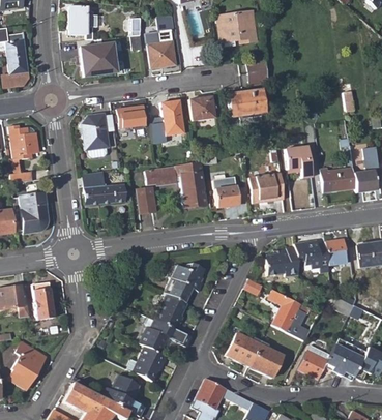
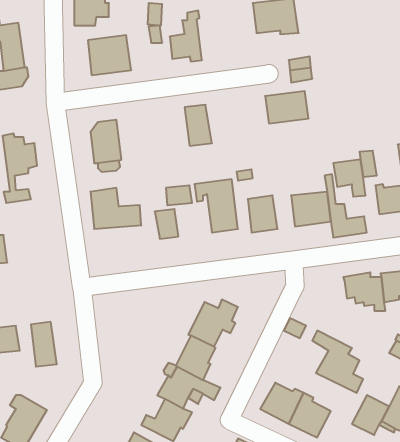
building: [189,95,215,120] -> none
building: [118,104,146,127] -> none
building: [20,192,47,233] -> none
building: [264,247,299,277] -> none

